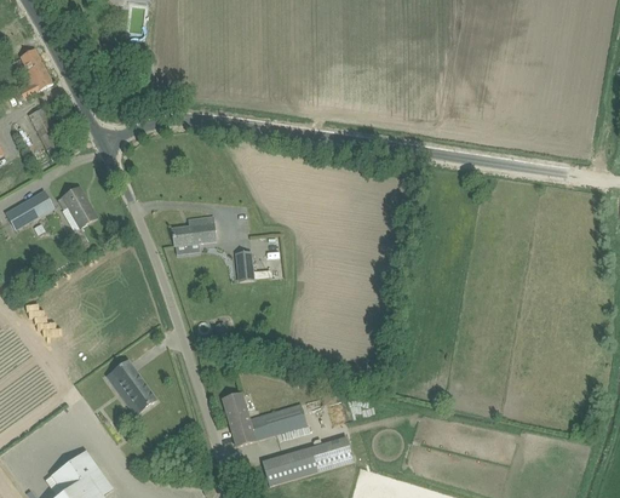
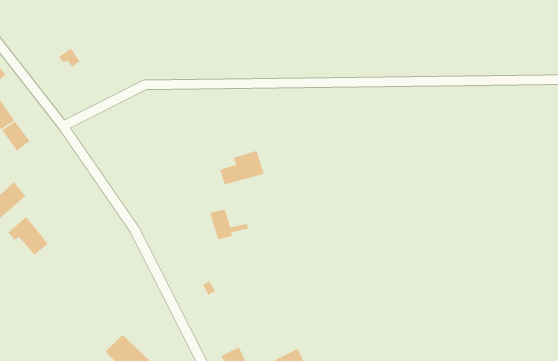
building: [57,187,97,228] -> [7,216,49,256]
building: [171,216,216,246] -> [219,150,265,185]

